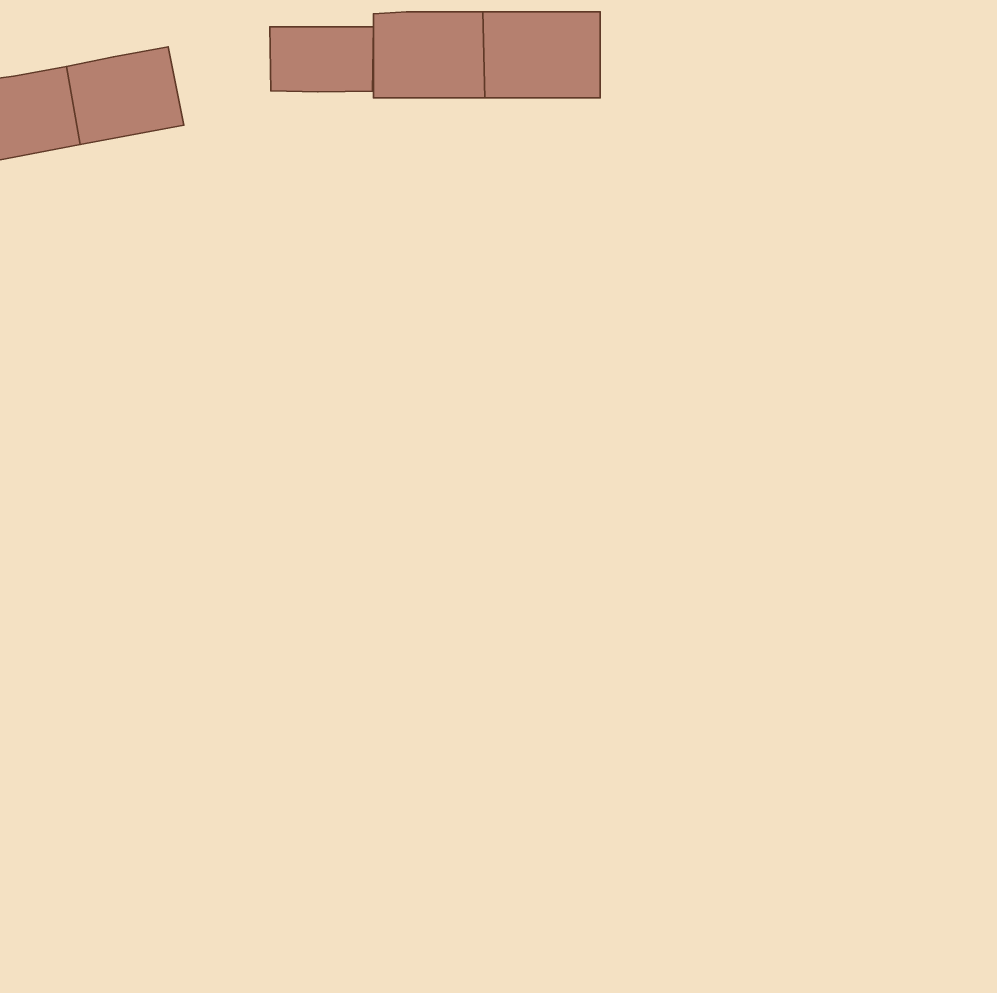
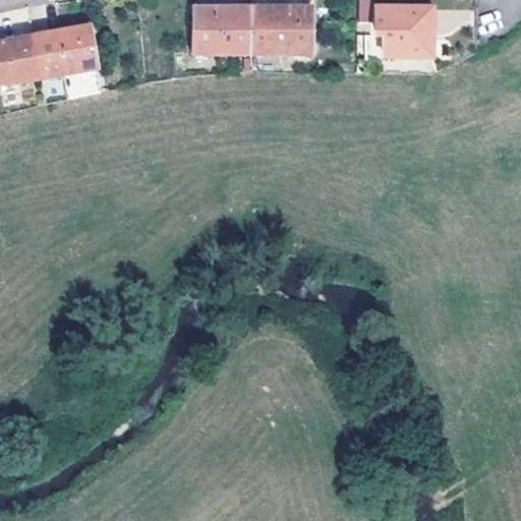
building: none -> [374,5,431,54]
building: [270,27,373,92] -> none

